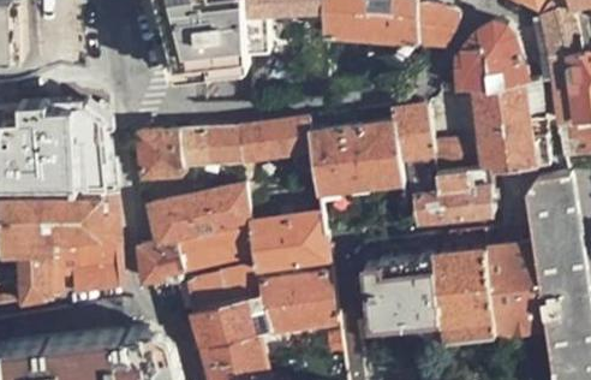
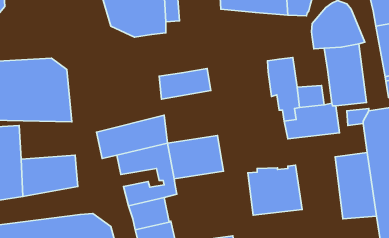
building: [309,125,401,194] -> none
building: [138,131,241,180] -> none
building: [40,201,119,249] -> none
building: [431,238,499,339] -> none
building: [141,243,184,286] -> none
building: [261,275,338,334] -> none

